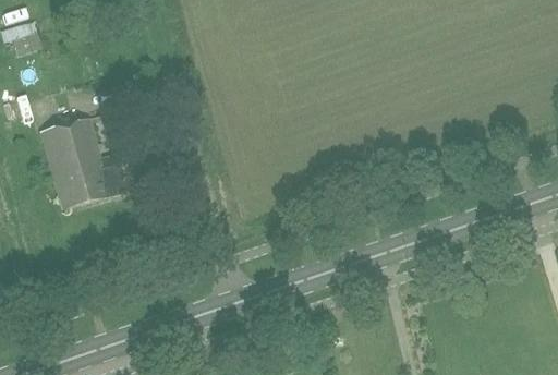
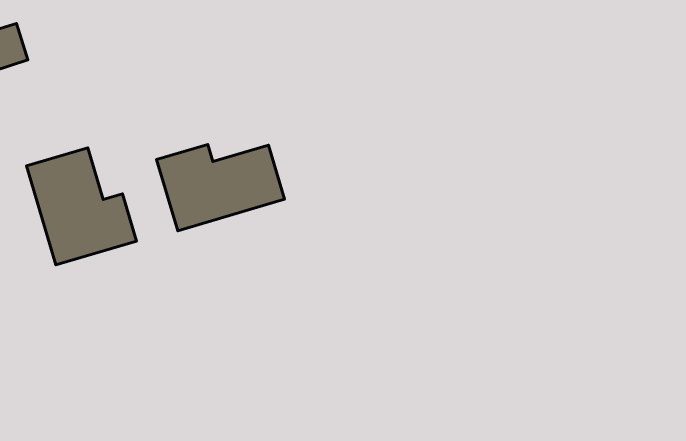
building: none -> [157,144,285,231]

